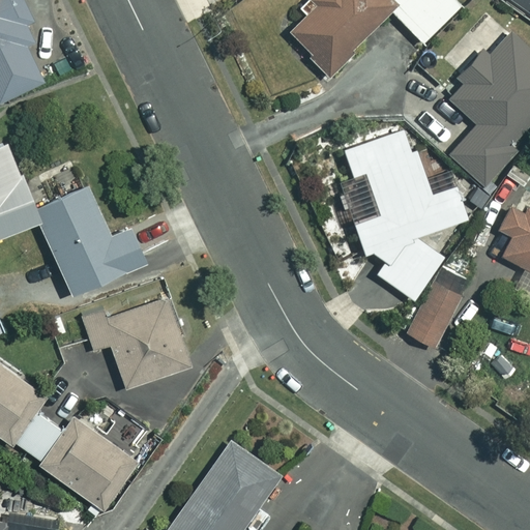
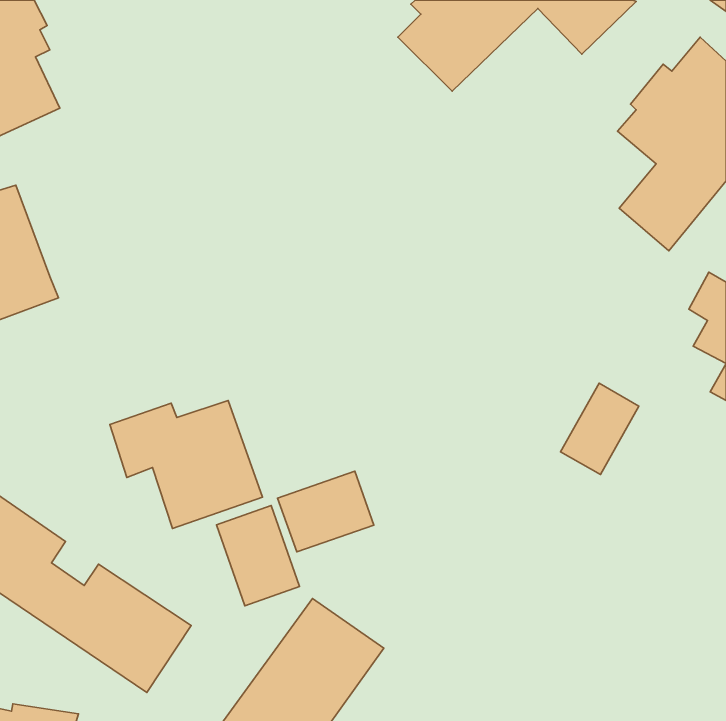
building: [344,127,468,300] -> none
building: [36,185,147,295] -> none
building: none -> [278,471,374,552]
building: none -> [217,505,300,606]

